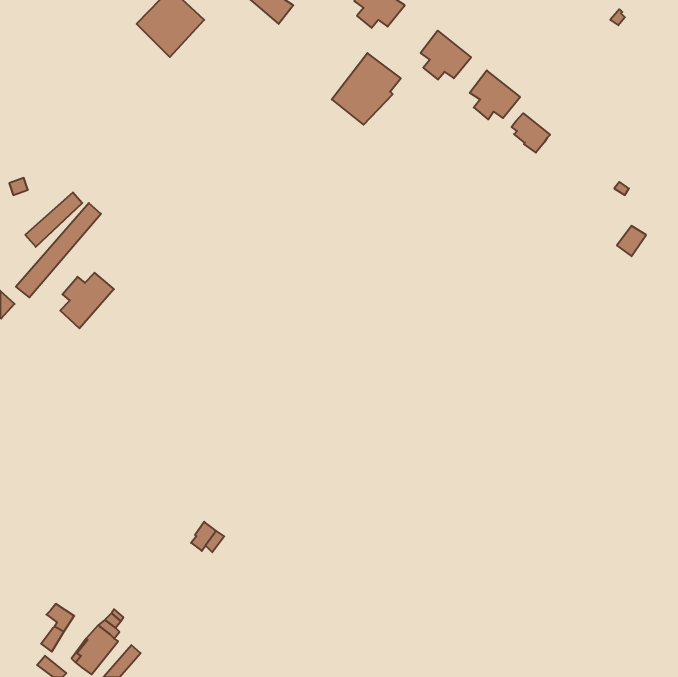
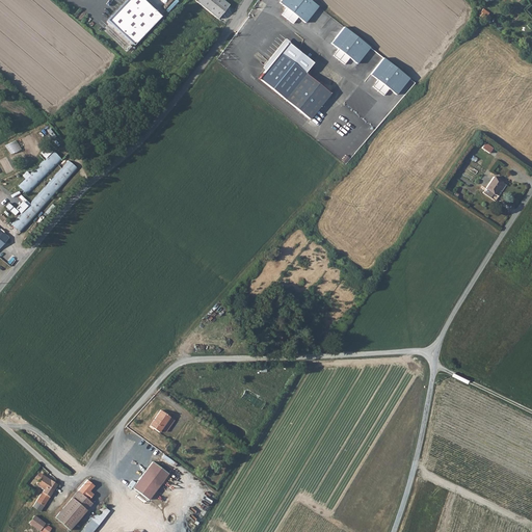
building: none -> [285,74,329,117]
building: [512,113,550,153] -> none
building: [60,273,114,328] -> none
building: none -> [132,462,167,501]

